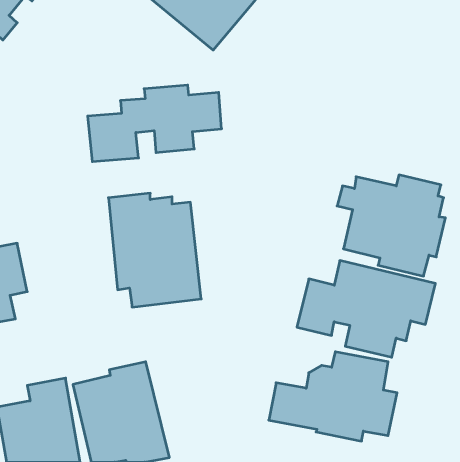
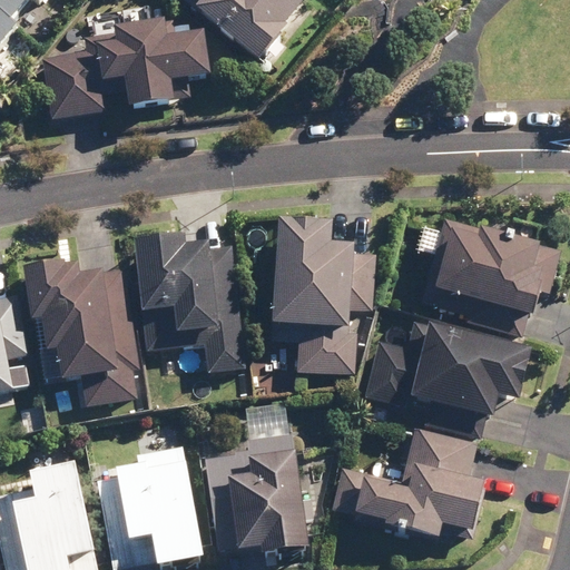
building: [88,85,222,162] -> [46,21,209,115]
building: none -> [273,220,356,374]
building: none -> [23,253,140,406]
building: none -> [200,426,313,553]

